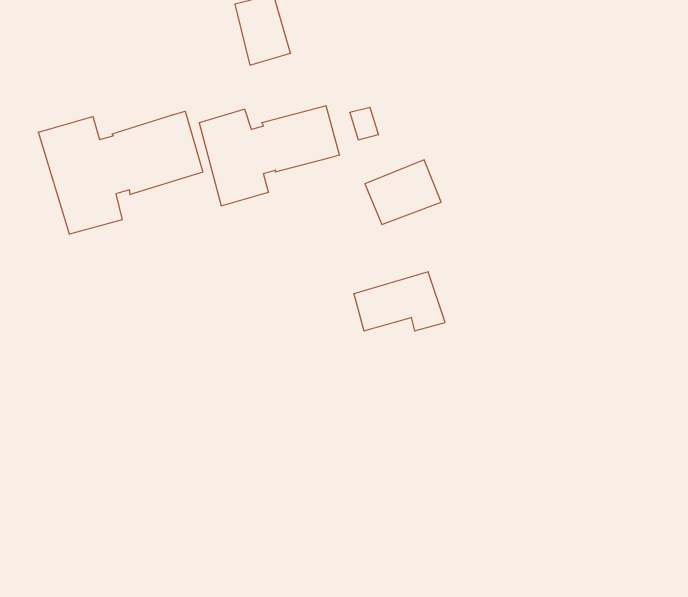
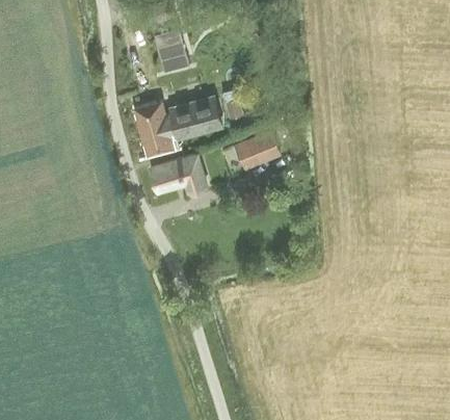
building: [38,111,203,234] -> none
building: [354,272,445,331] -> [151,155,207,191]

